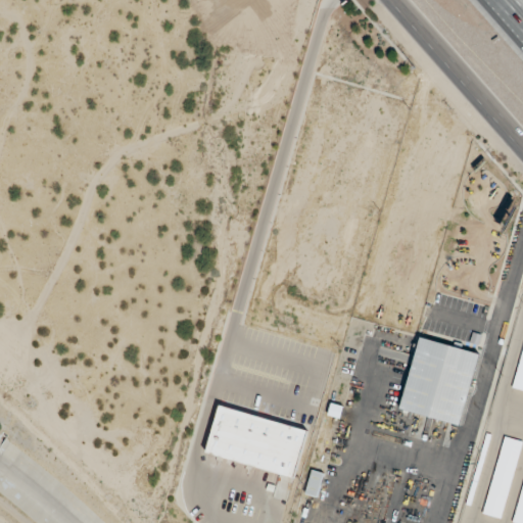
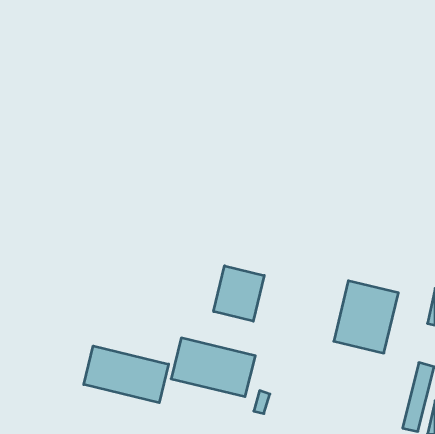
building: none -> [214,266,264,321]
building: none -> [84,346,169,403]

